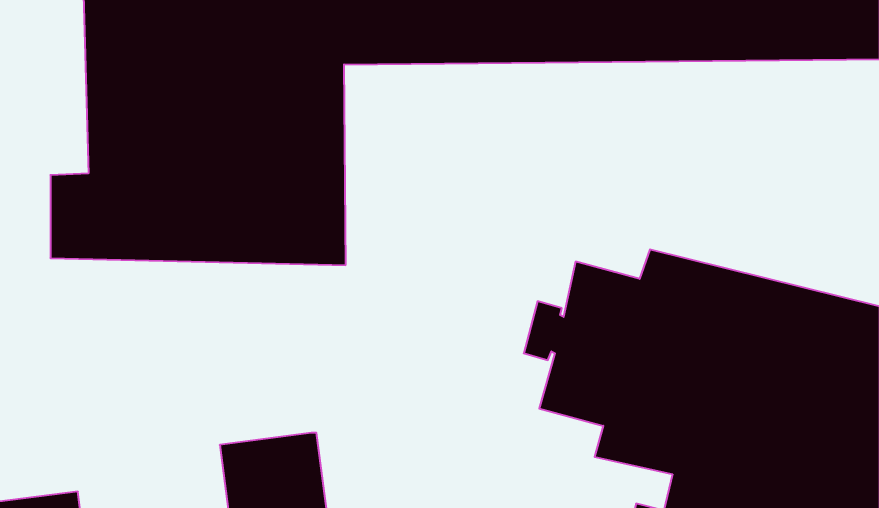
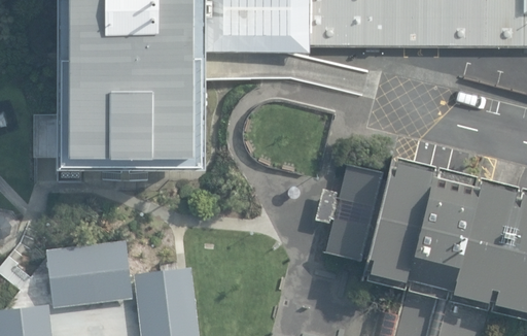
building: none -> [45,240,133,307]

